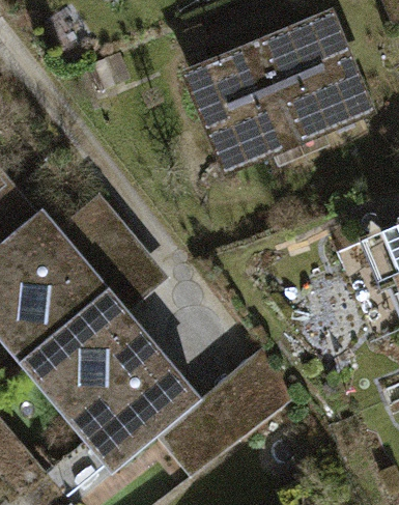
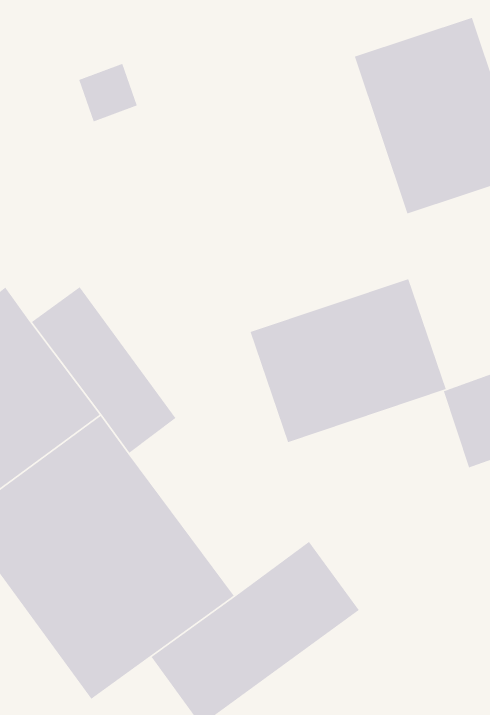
building: [182,46,298,176] -> none
building: none -> [250,278,447,443]

